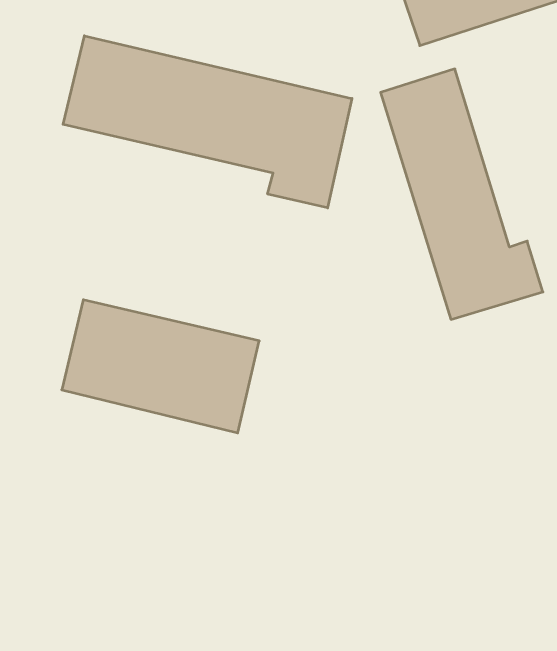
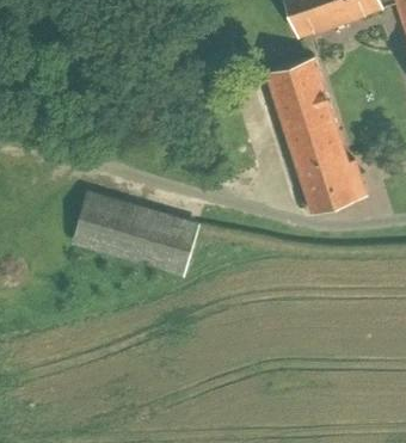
building: [63,36,352,208] -> none

